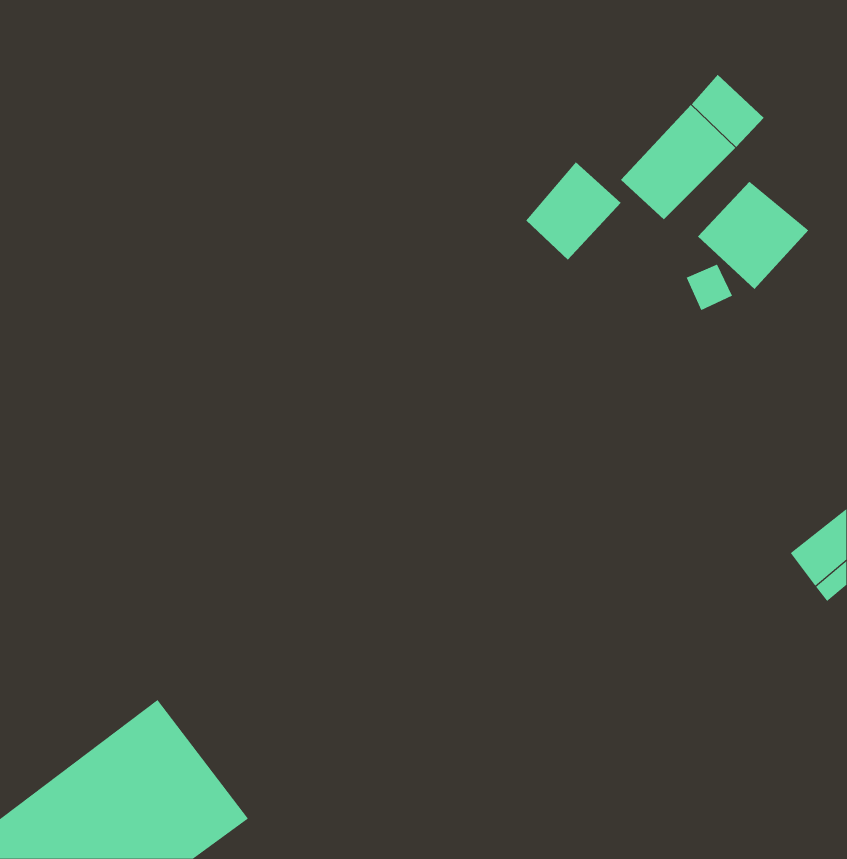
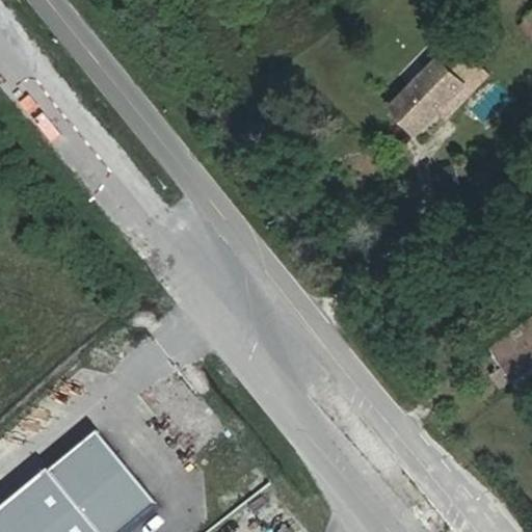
building: [525,161,621,260] -> none
building: [697,181,809,290] -> none

